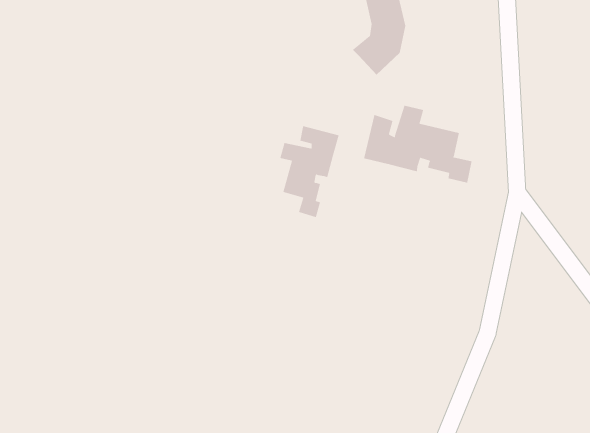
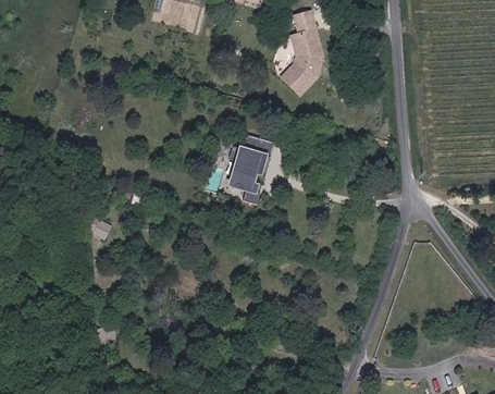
building: [363,105,472,184] -> none

